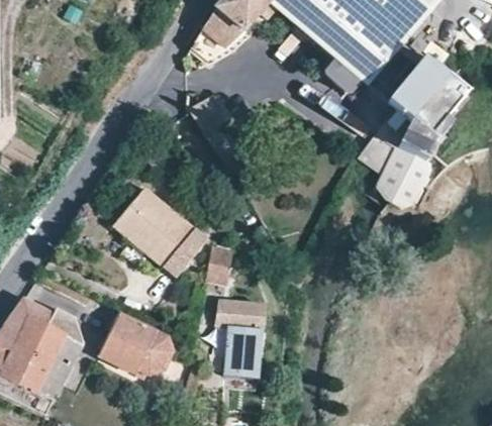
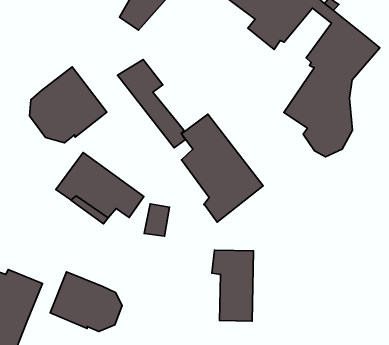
building: none -> [30,67,107,143]
building: none -> [181,114,263,222]
building: [218,298,264,376] -> [212,250,253,321]

